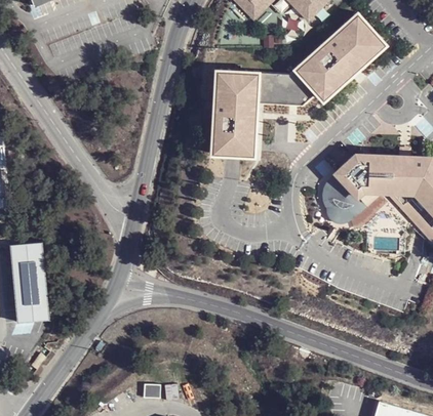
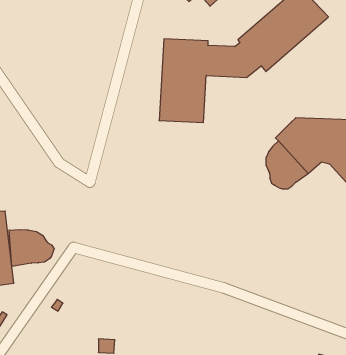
building: none -> [9,230,54,266]

